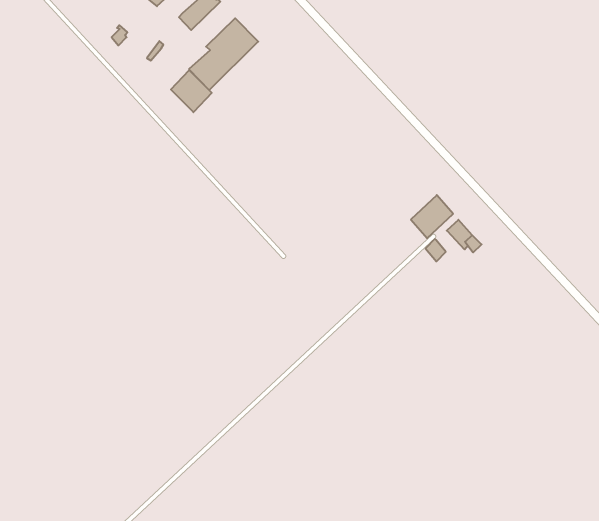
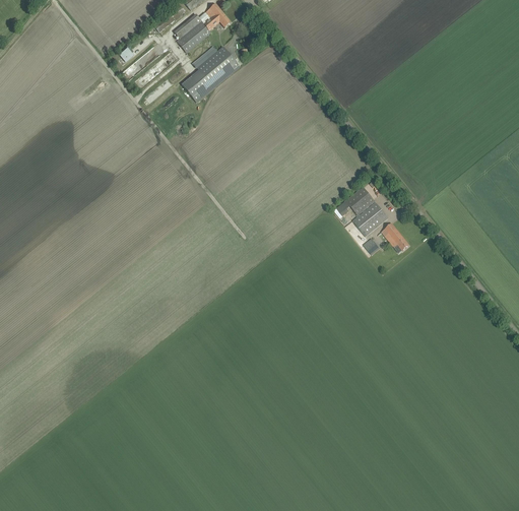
building: [171,70,212,112] -> none
building: none -> [344,184,373,212]

